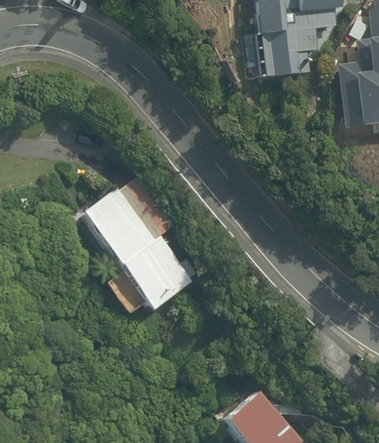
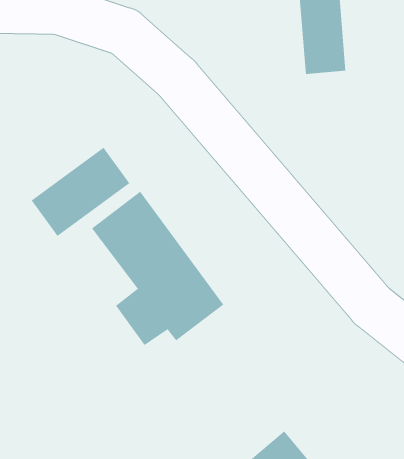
building: none -> [31,147,130,237]

